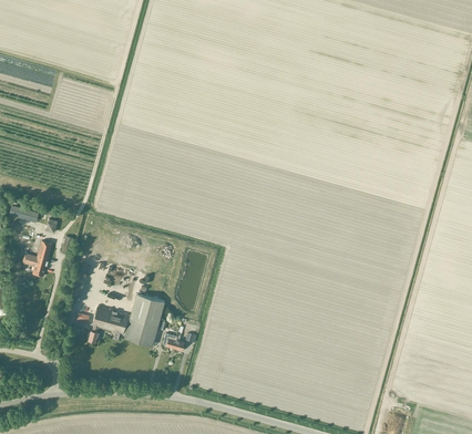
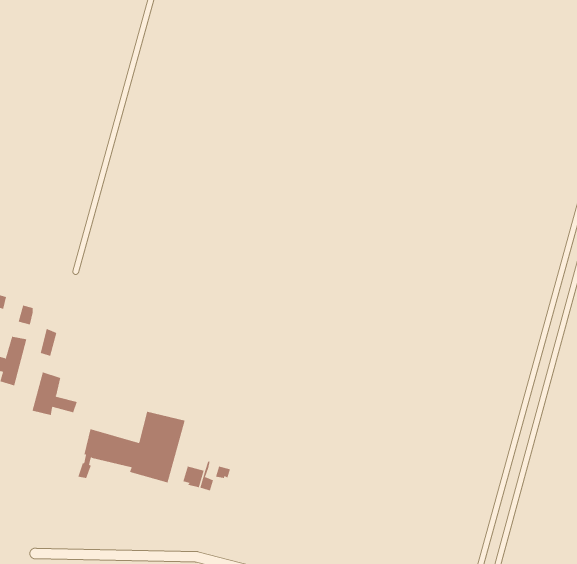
building: none -> [32,372,77,416]

